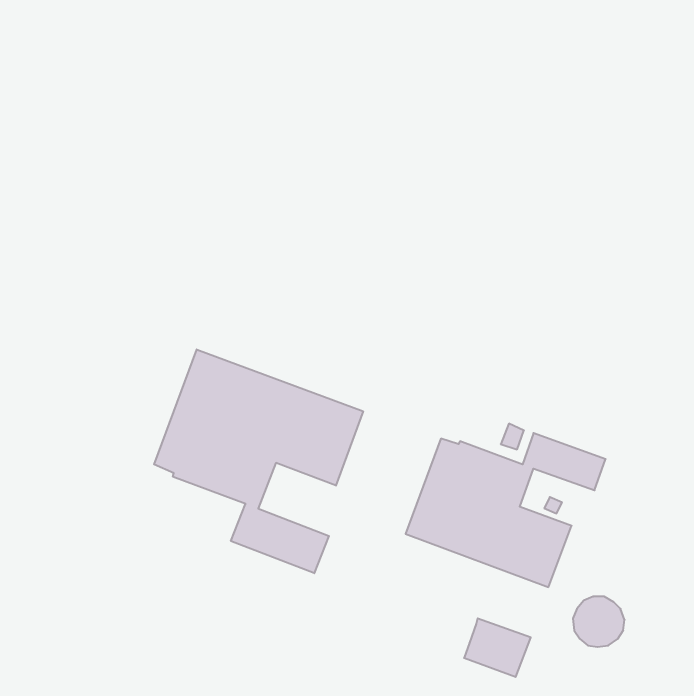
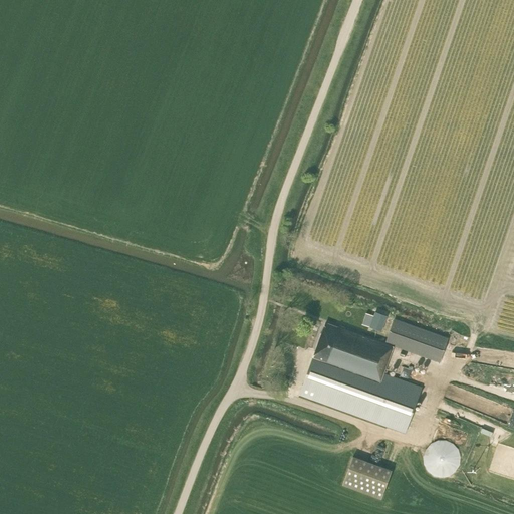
building: [154,349,363,573] -> none

